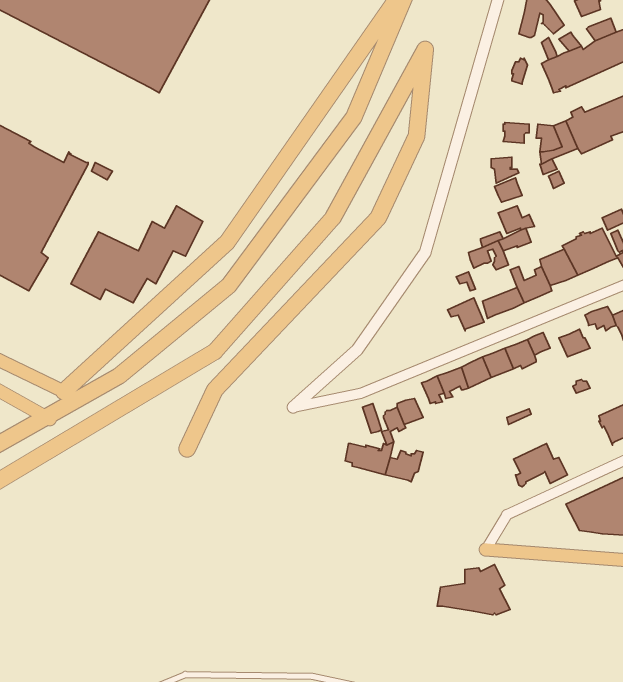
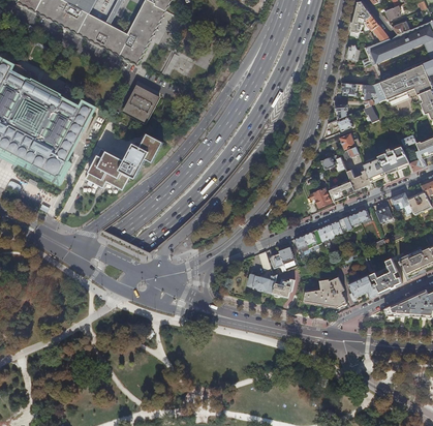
building: none -> [124,86,159,122]
building: none -> [361,254,402,293]
building: [437,564,510,615] -> [304,276,347,306]

